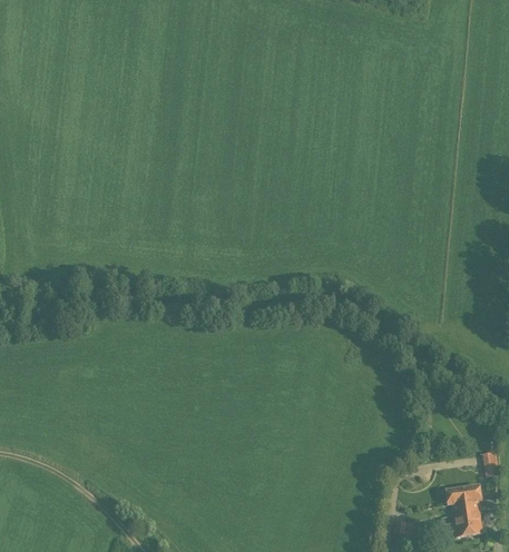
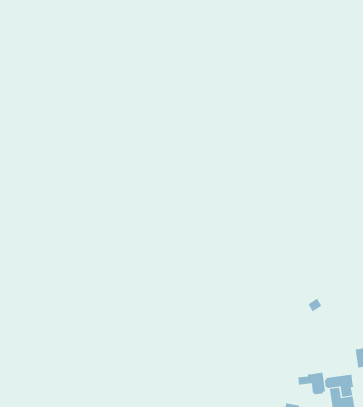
building: none -> [298,372,325,395]

